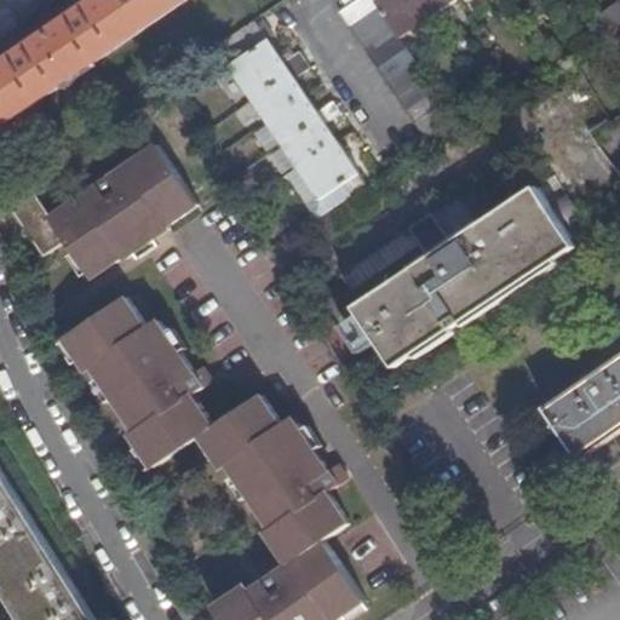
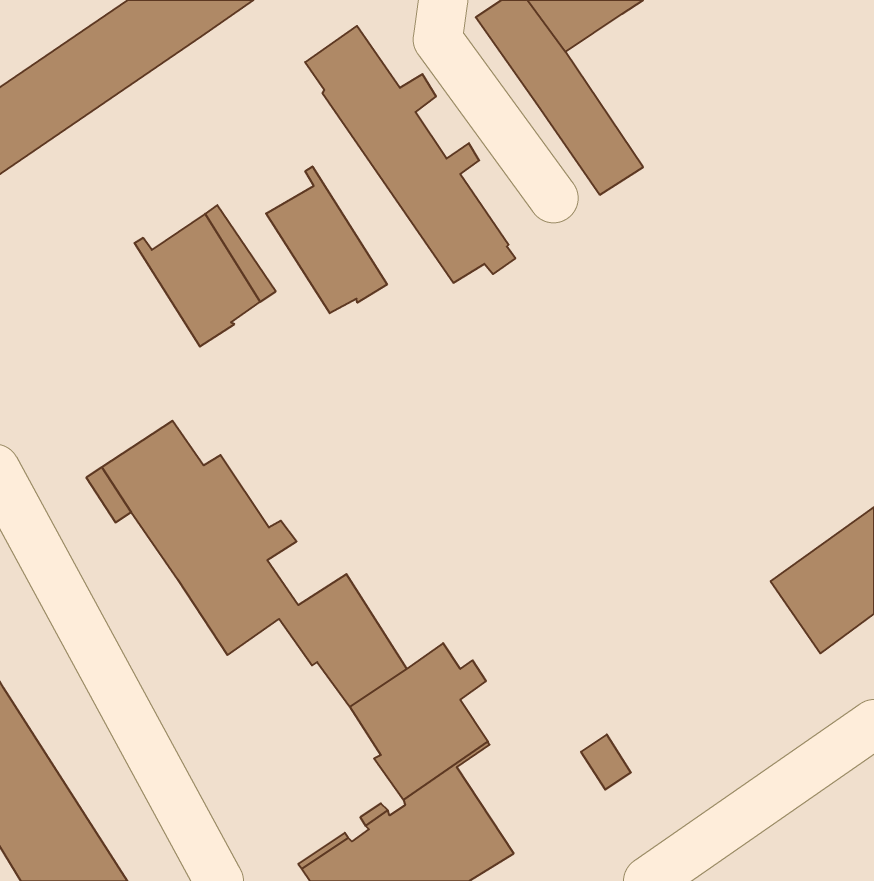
building: none -> [266,166,387,313]
building: [6,163,140,279] -> none
building: [335,188,574,368] -> none
building: [243,395,311,470] -> none

